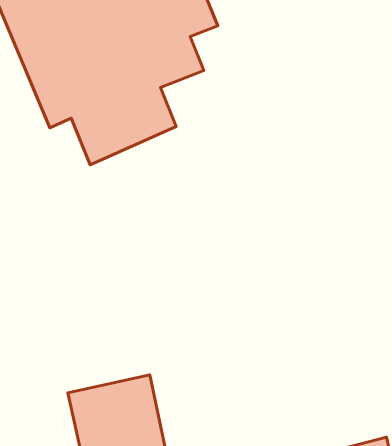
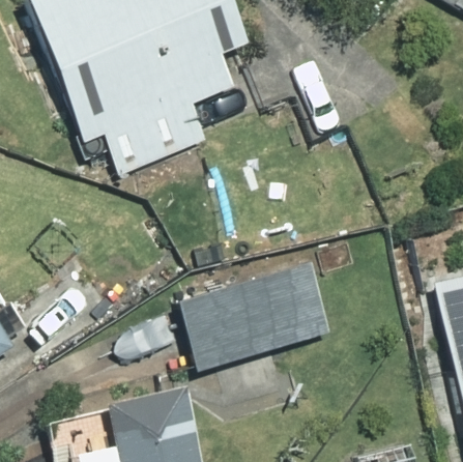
building: none -> [180,262,331,372]

